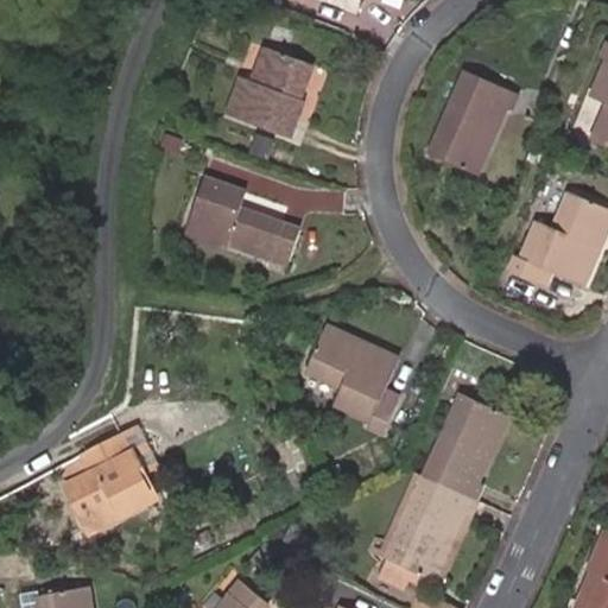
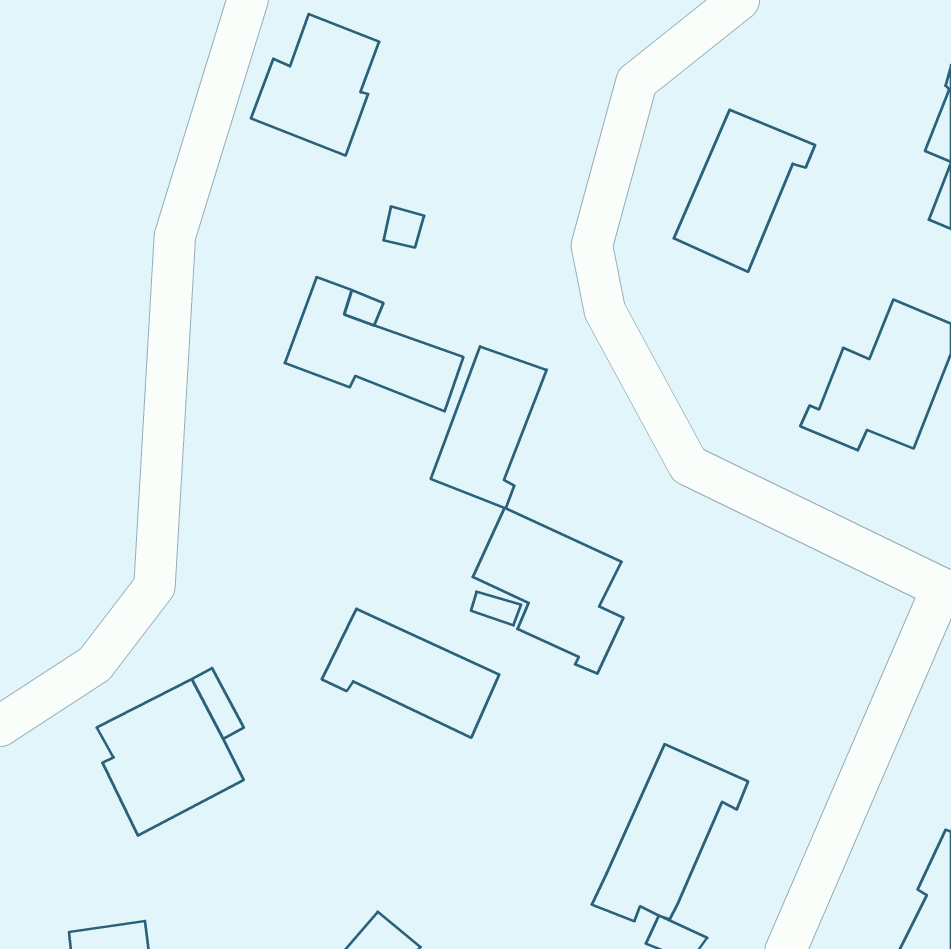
building: [228,46,310,137] -> [251,14,379,155]
building: none -> [431,346,547,508]
building: none -> [322,609,499,738]
building: [424,394,506,500] -> none

